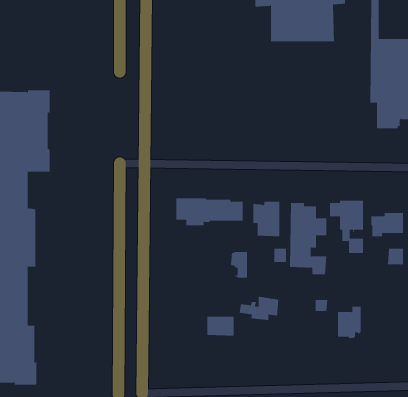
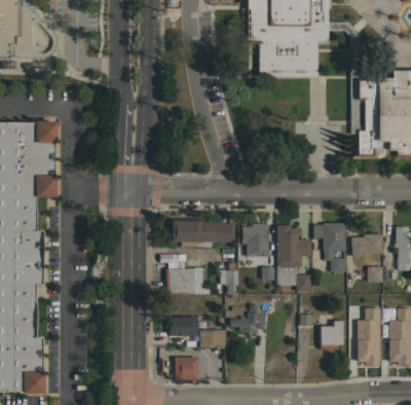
building: none -> [166,266,203,294]
building: none -> [356,308,379,365]
building: none -> [170,317,200,335]
building: none -> [175,356,198,379]

